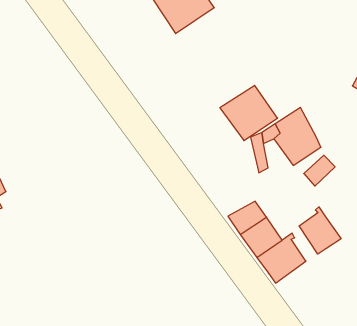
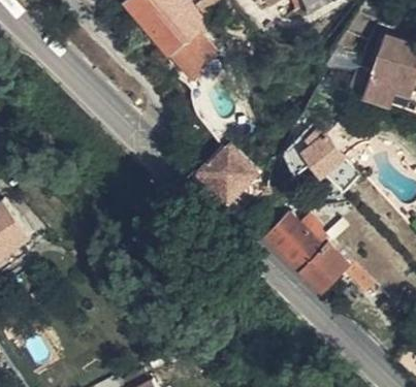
building: [220,85,278,141] -> [197,141,254,196]
building: [299,207,341,254] -> none

